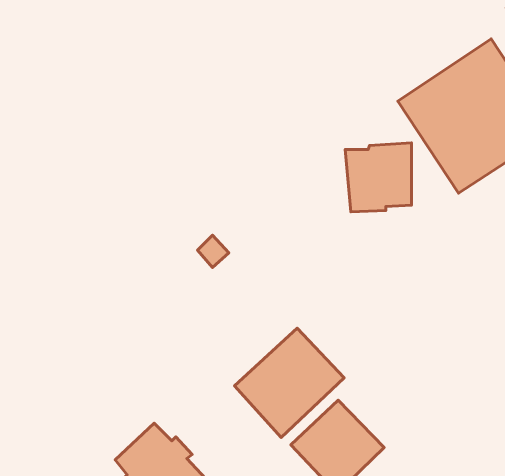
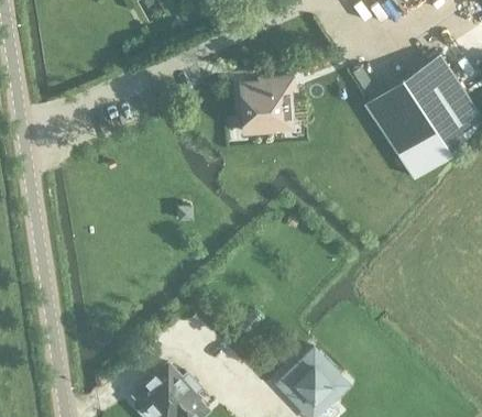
building: [345,143,412,212] -> [240,77,294,133]
building: [234,328,344,437] -> none

